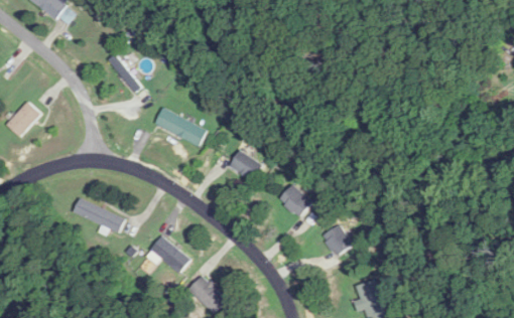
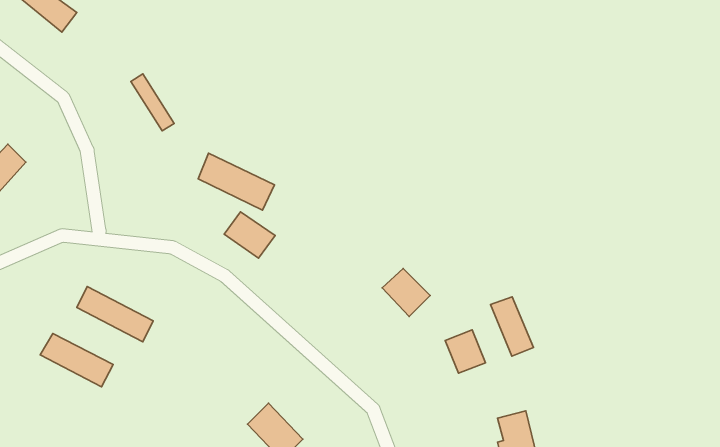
building: [229,149,263,180] -> [224,212,275,258]
building: none -> [491,297,534,356]
building: none -> [40,334,113,387]
building: [150,236,188,273] -> none

